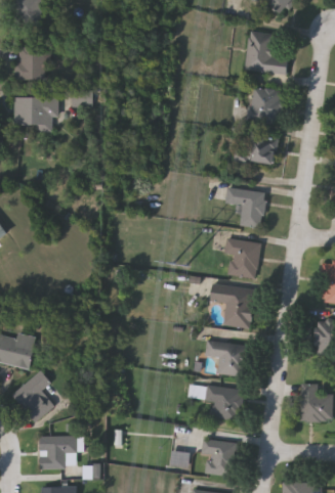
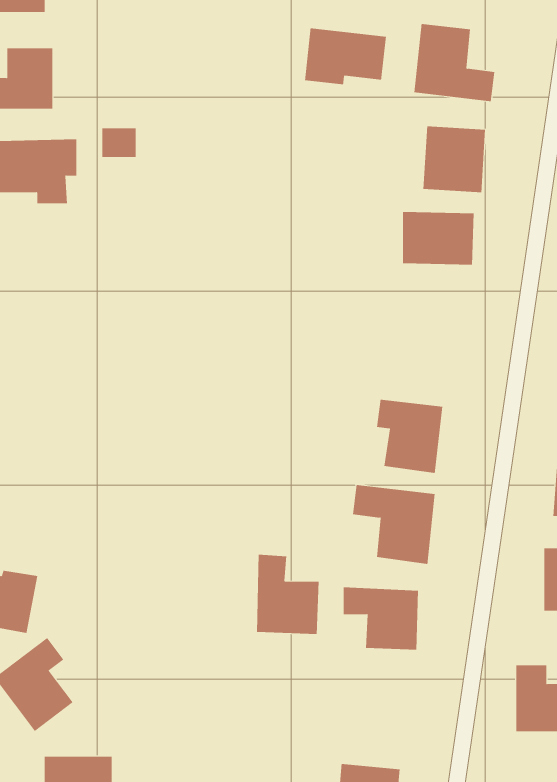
building: none -> [304,28,386,85]
building: [225,188,265,228] -> none
building: none -> [256,554,319,635]
building: [205,387,242,419] -> none

